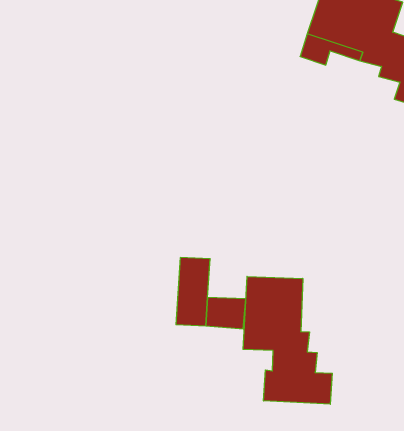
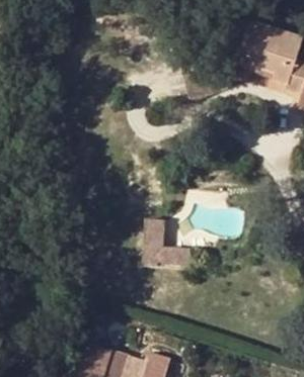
building: [243,276,332,404] -> none

